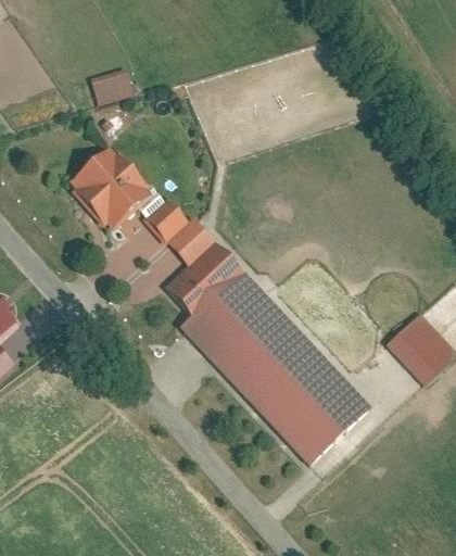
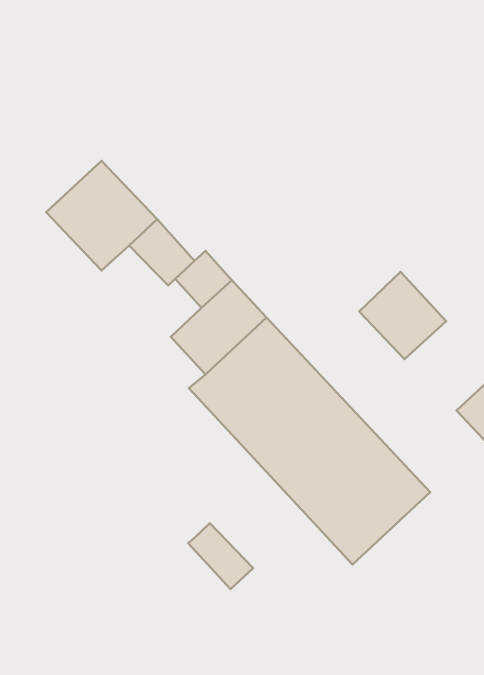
building: [93,72,134,104] -> none
building: none -> [359,272,446,359]
building: none -> [188,523,253,589]

